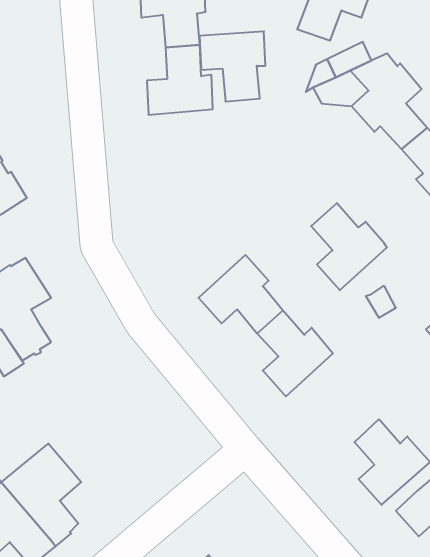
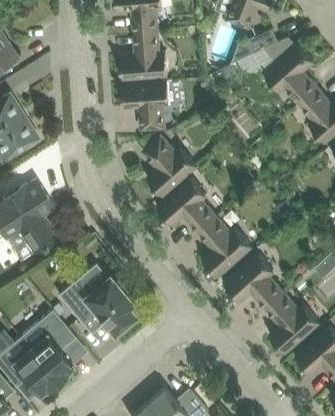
building: [200,31,265,101] -> [123,82,169,131]
building: [311,203,387,290] -> [143,137,196,198]
building: none -> [224,255,283,310]
building: none -> [59,278,140,334]

